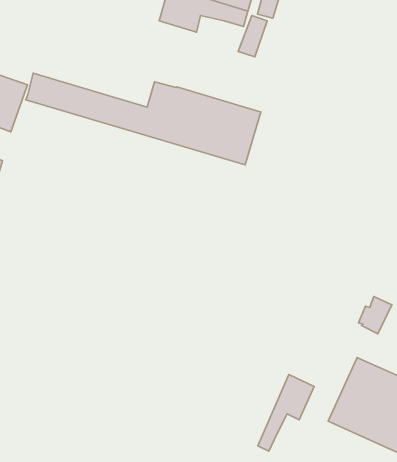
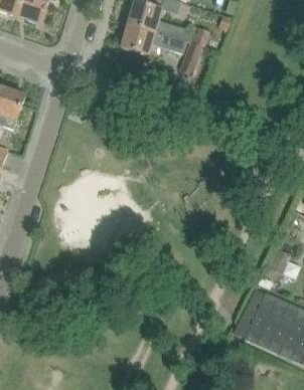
building: [26,73,261,165] -> none
building: [258,374,314,451] -> none

